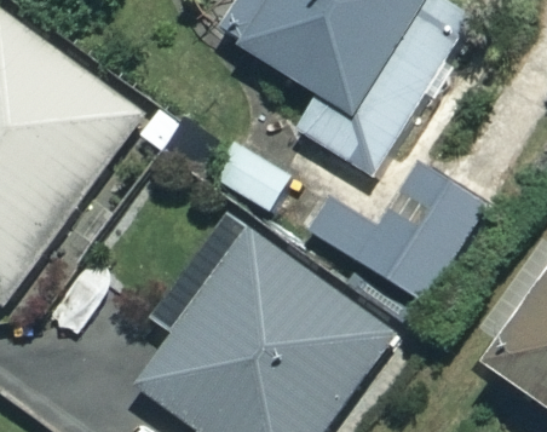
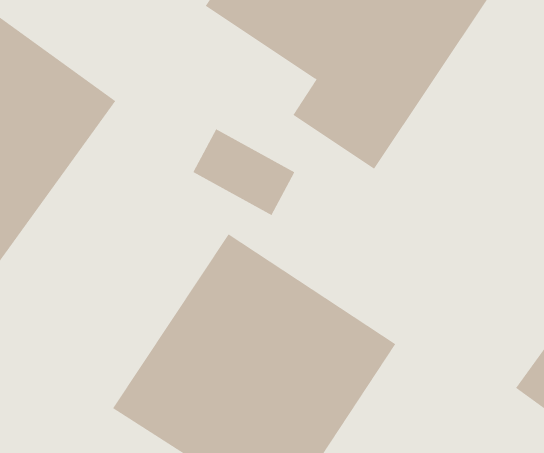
building: [289,165,484,299] -> none

